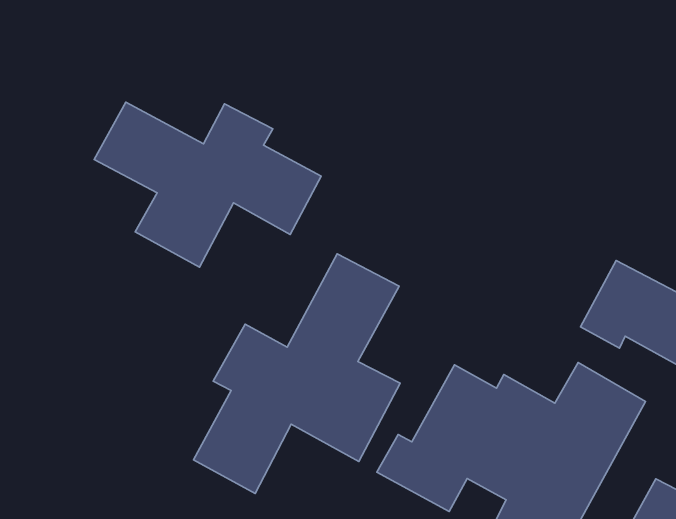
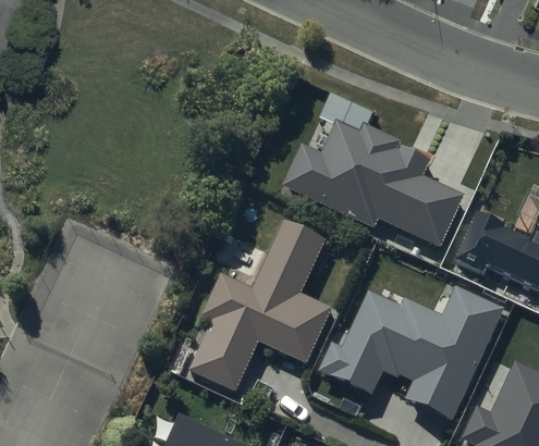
building: [94,102,321,267] -> none
building: none -> [282,120,464,246]

